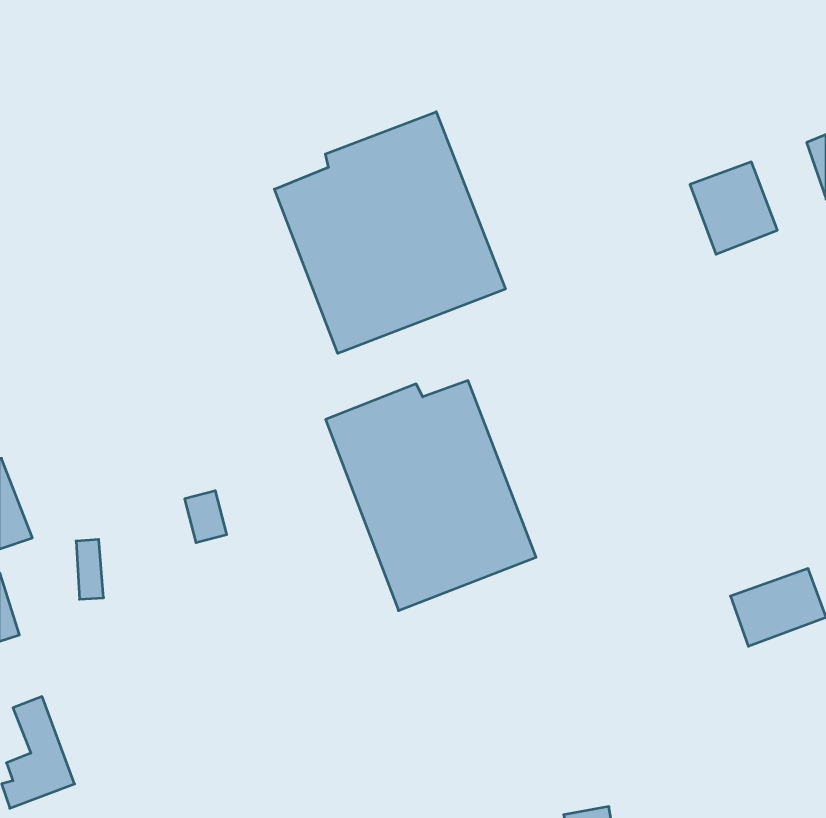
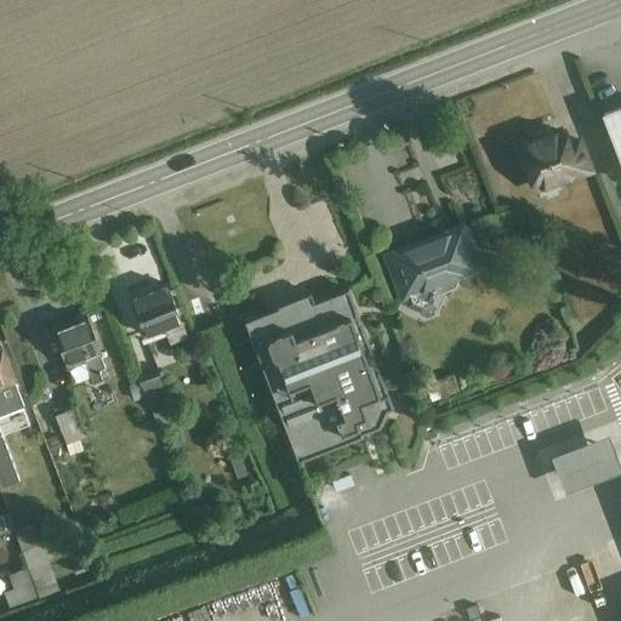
building: [274,112,505,353] -> none
building: none -> [382,226,480,307]
building: none -> [127,281,182,340]
building: none -> [55,317,103,375]

